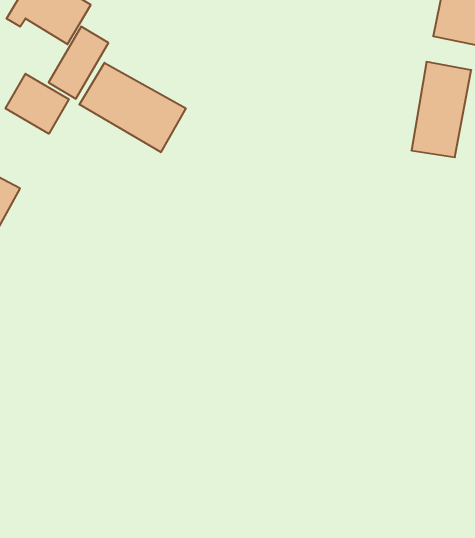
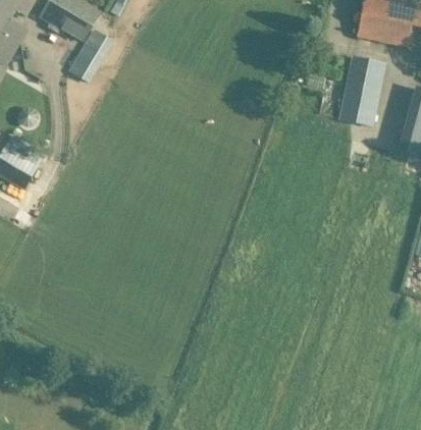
building: [79,63,186,152] -> none
building: [6,74,69,134] -> none

